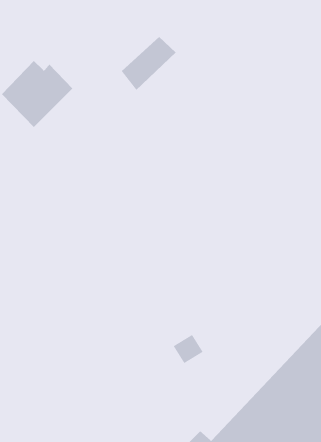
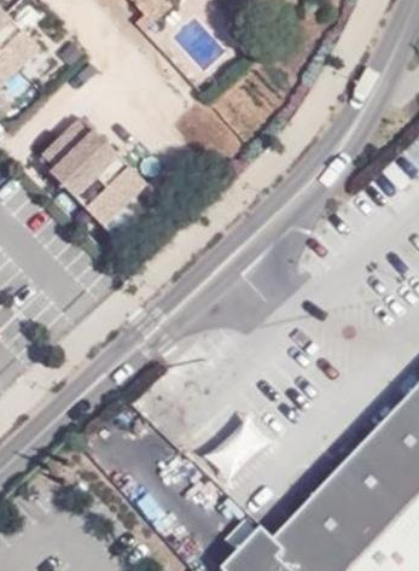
building: [121,36,177,91] -> [86,164,147,225]

